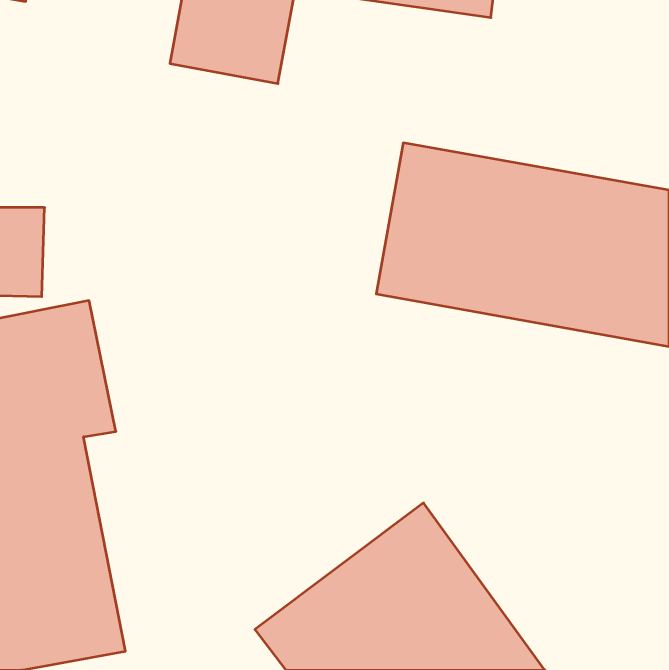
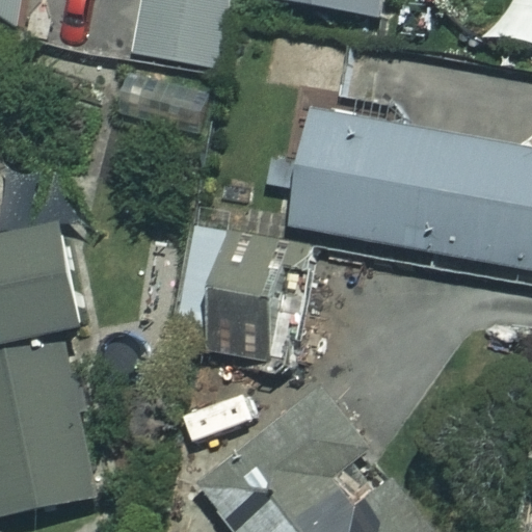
building: none -> [166,222,294,364]

